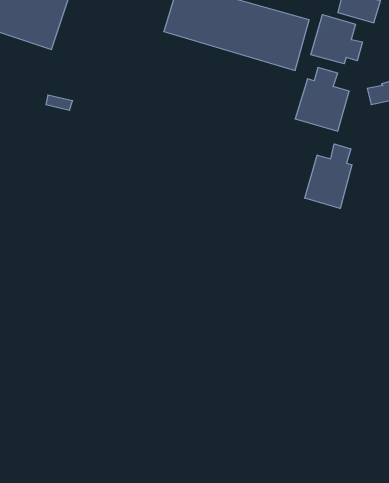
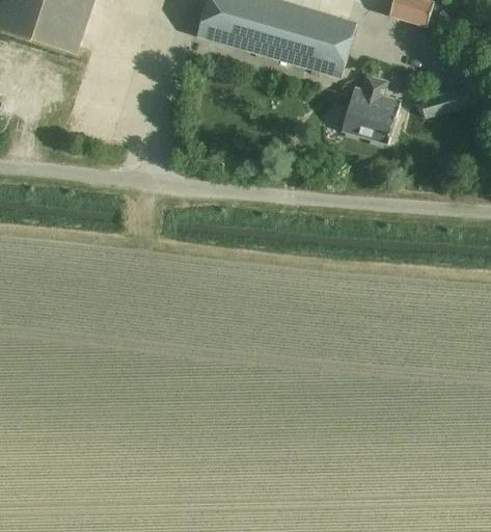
building: [311,15,362,64] -> none
building: [305,144,352,209] -> none

